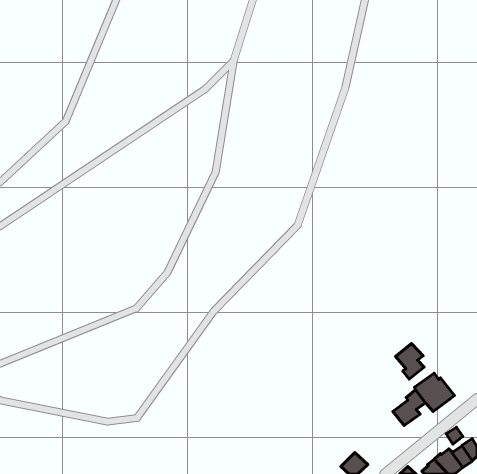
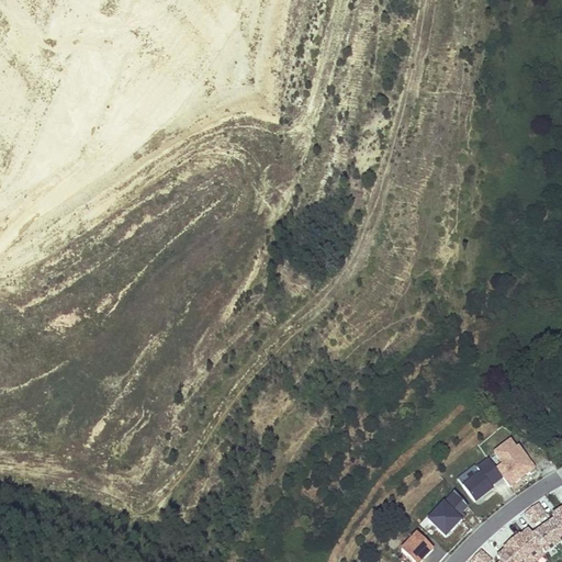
building: [395,344,424,379] -> none
building: none -> [427,491,468,535]

